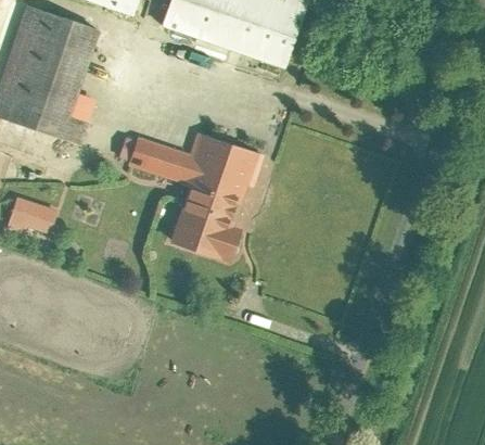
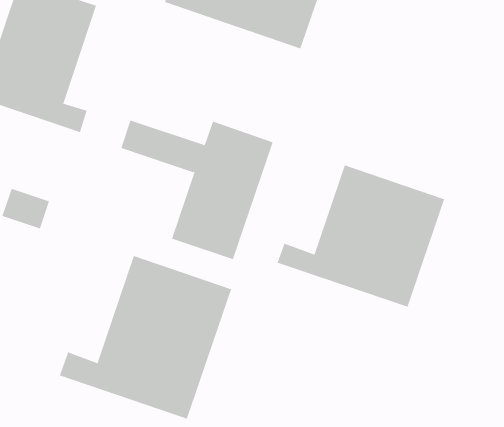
building: none -> [277,164,445,308]
building: none -> [59,255,232,419]

